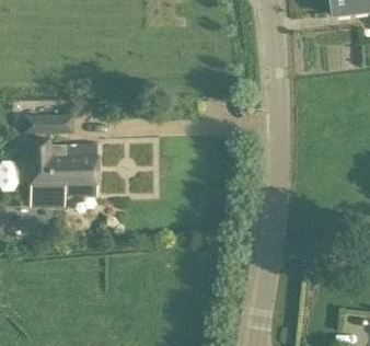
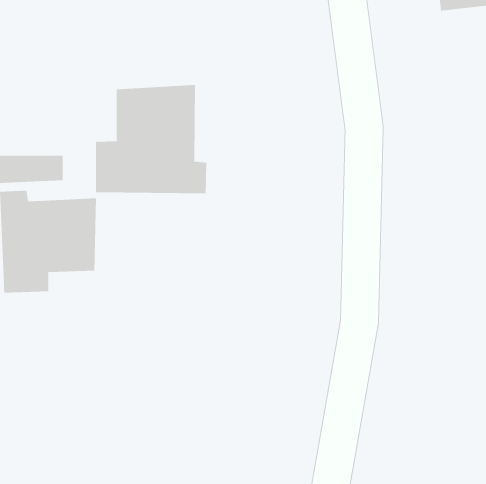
building: none -> [96,84,207,194]

